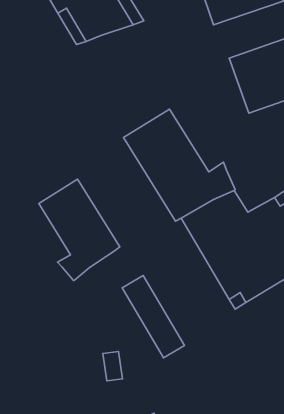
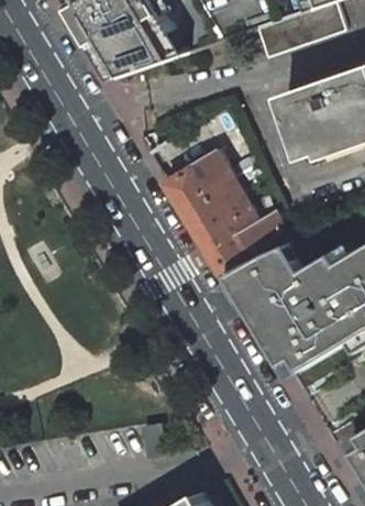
building: [39,179,120,281] -> none
building: [122,276,185,358] -> none

